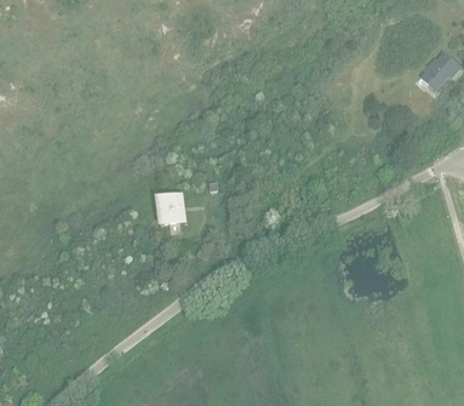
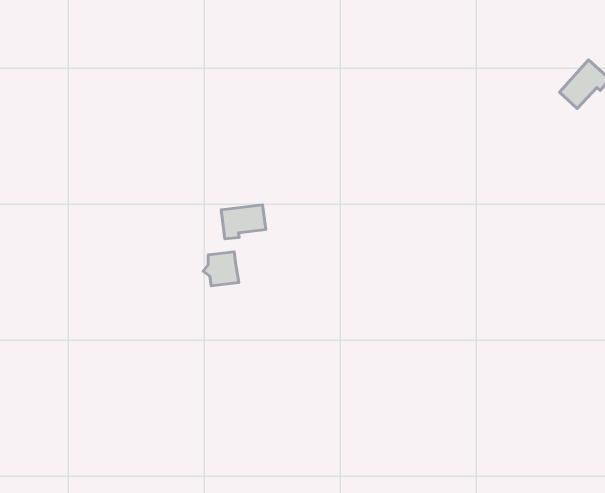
building: none -> [221,205,266,239]

